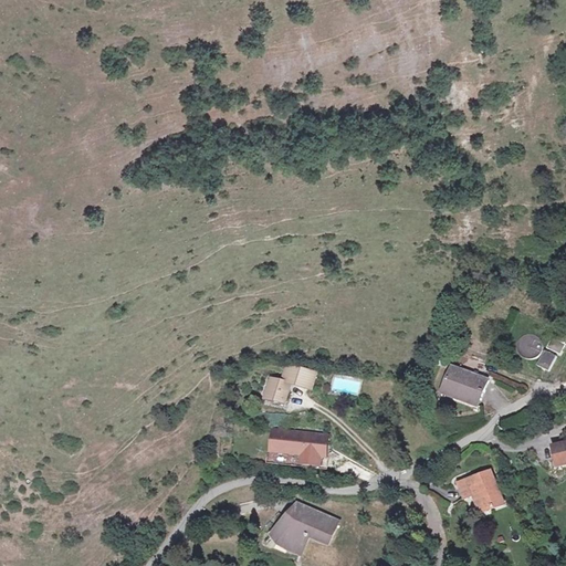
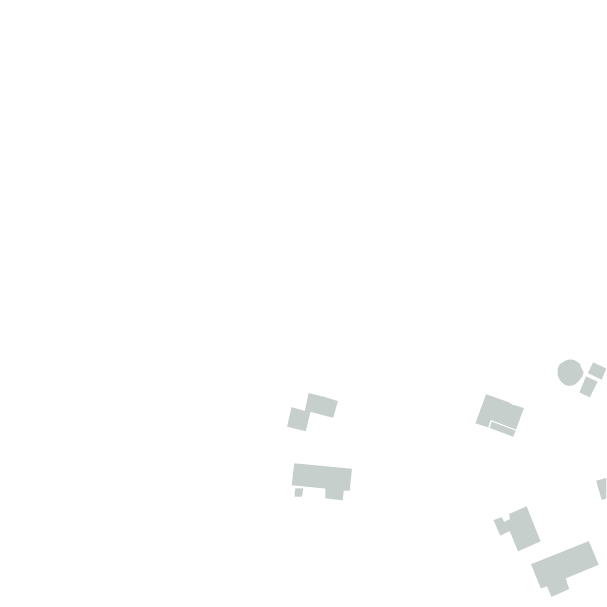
building: none -> [530,540,599,598]
building: [271,502,336,551] -> none

